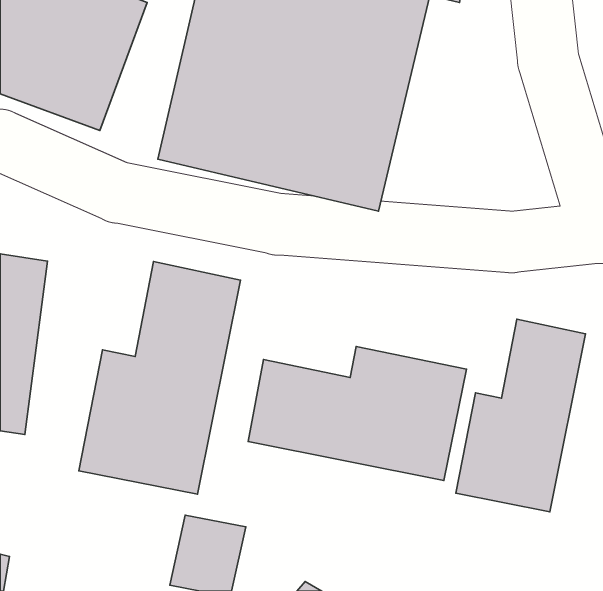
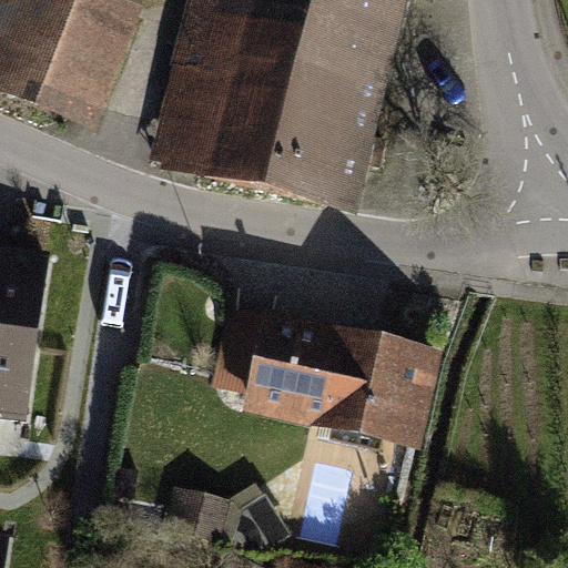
building: [79,262,240,494] -> none
building: [456,319,586,512] -> none

